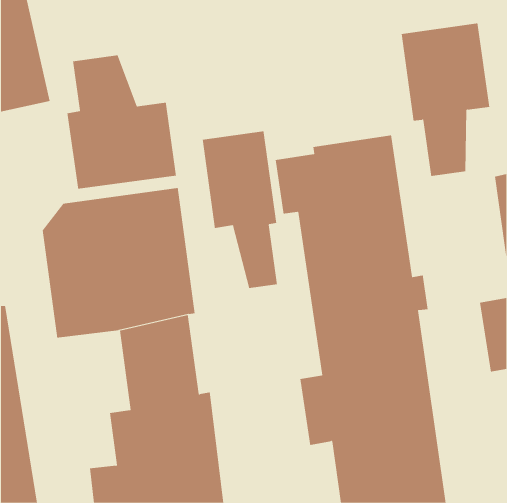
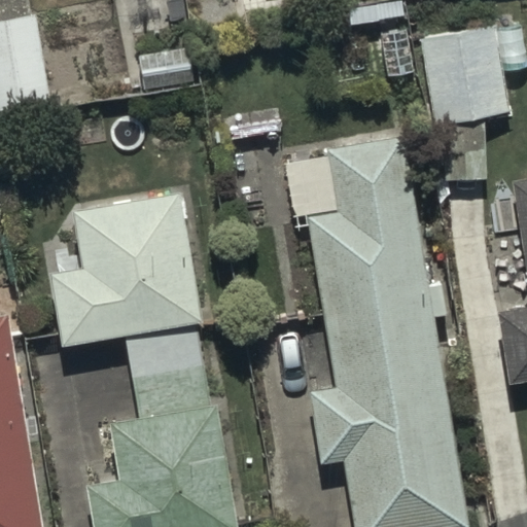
building: [67,54,176,190] -> none
building: [202,131,277,289] -> none

